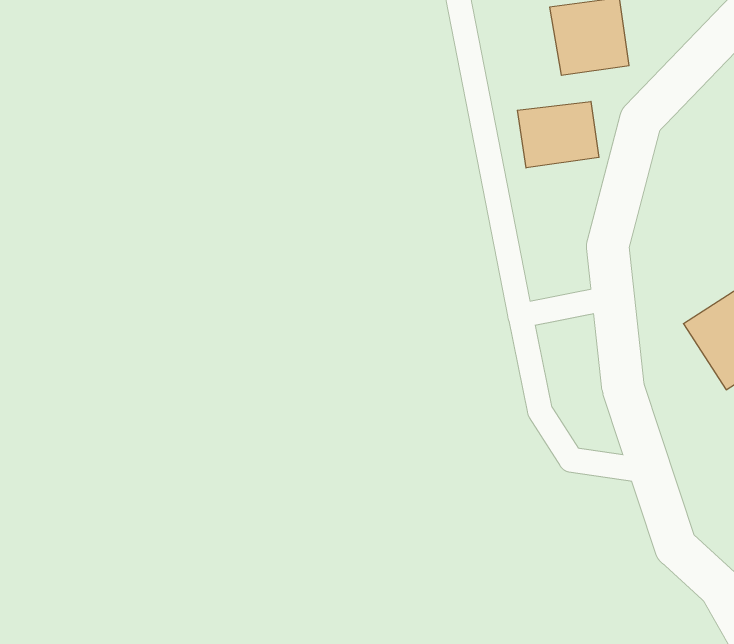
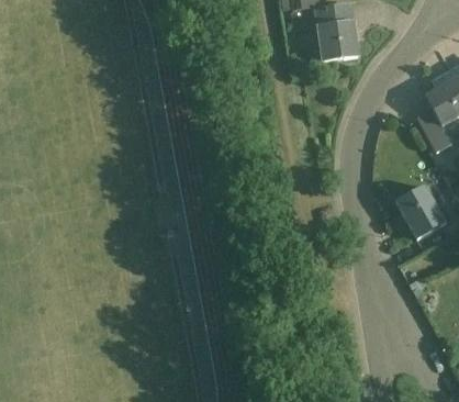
building: [517,101,599,168] -> none

